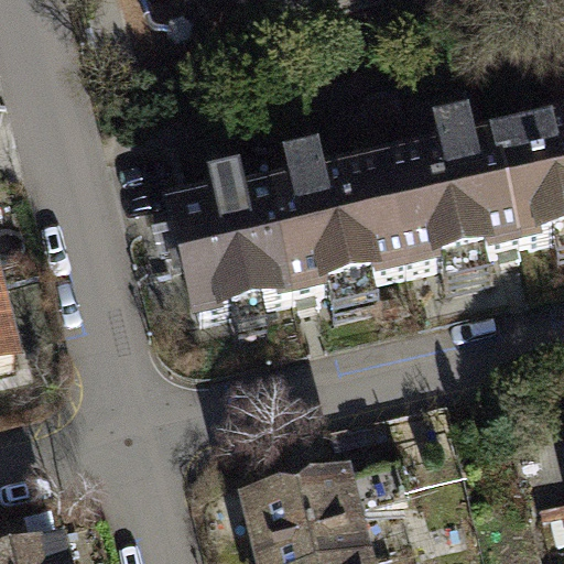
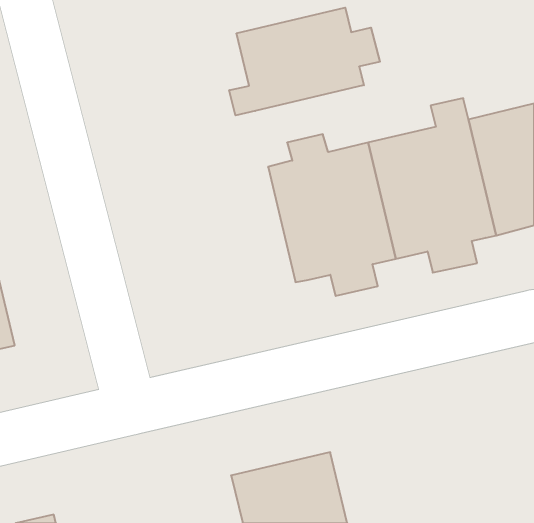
building: none -> [229,8,380,115]
building: [175,174,308,319] -> none

